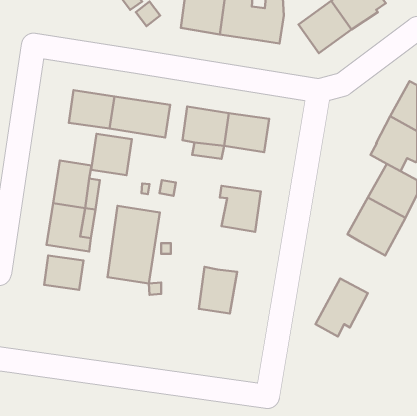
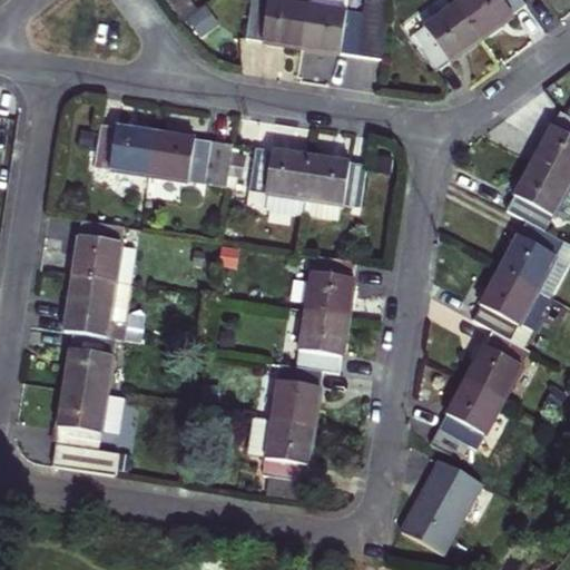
building: [91,134,132,175] -> none
building: [108,206,160,283] -> none
building: none -> [295,307,347,374]
building: none -> [463,328,529,399]
building: none -> [51,387,125,475]
building: none -> [247,417,313,481]
building: none -> [399,459,482,552]

